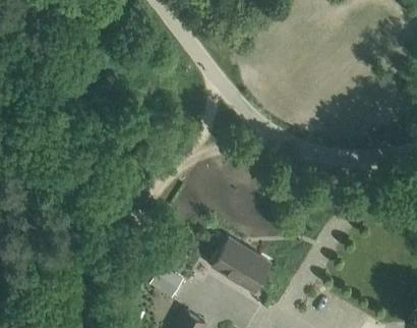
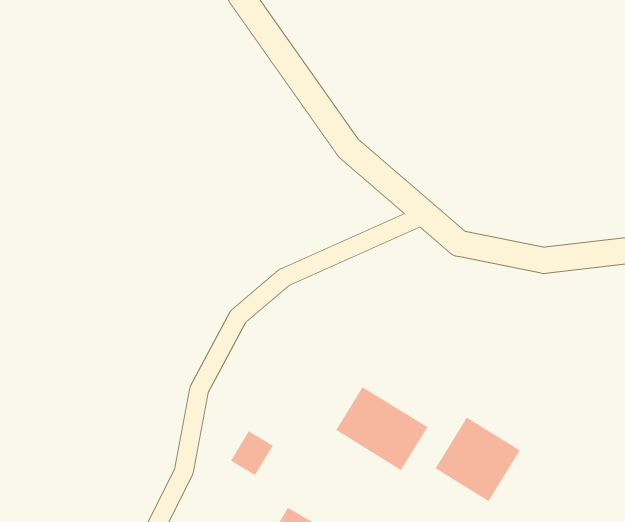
building: none -> [434,417,521,502]

